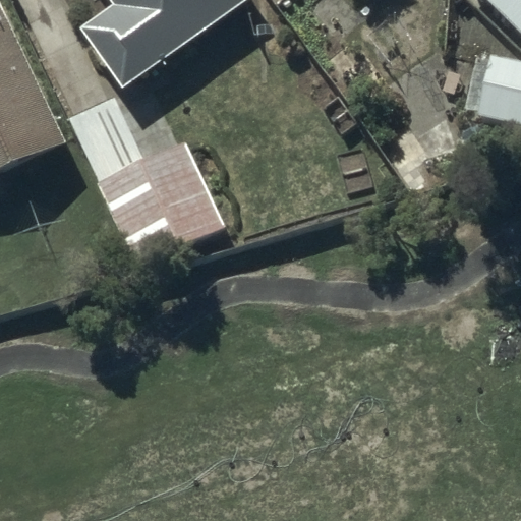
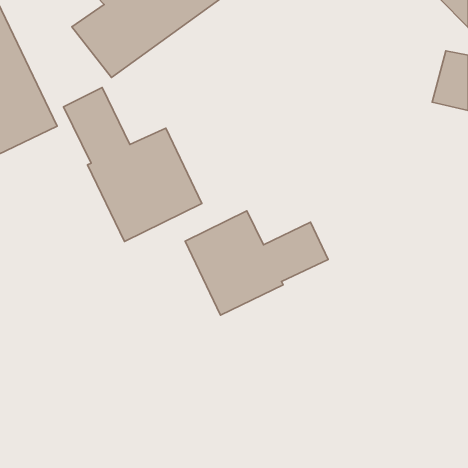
building: none -> [185,211,328,315]

